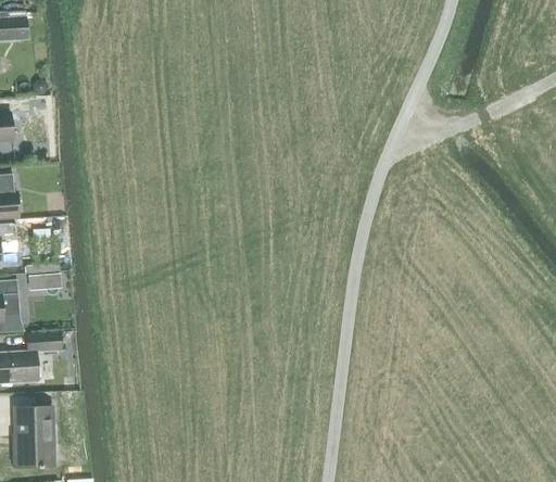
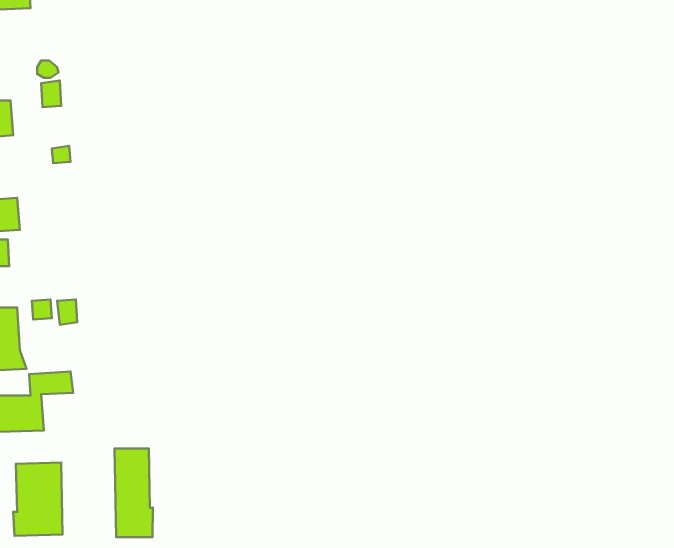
building: none -> [115,448,153,537]

